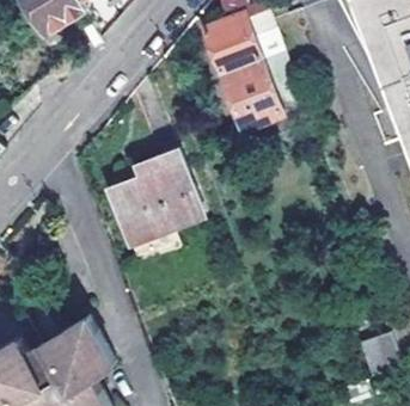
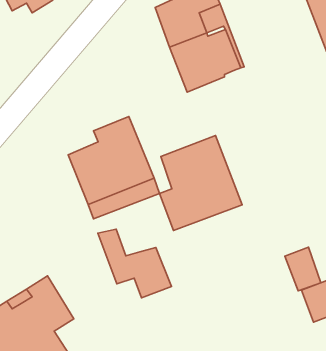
building: none -> [160,135,242,231]
building: none -> [98,229,171,298]
building: none -> [285,247,321,291]

